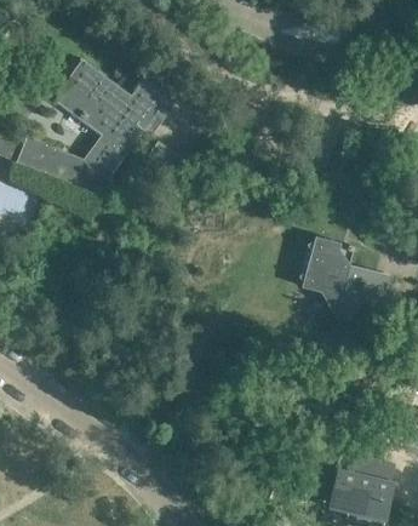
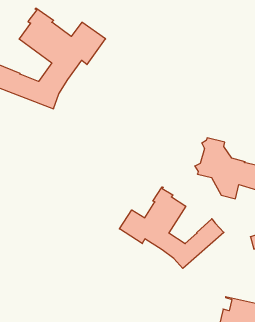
building: none -> [119,187,224,268]

